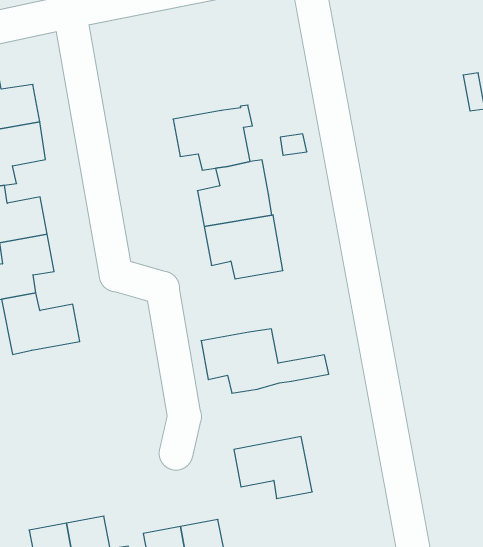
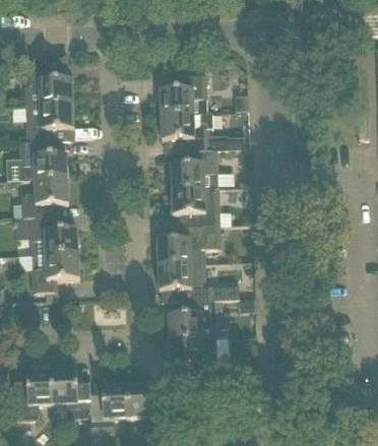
building: none -> [160,73,206,113]
building: none -> [156,224,219,262]
building: none -> [31,251,78,291]
building: none -> [168,298,214,337]

